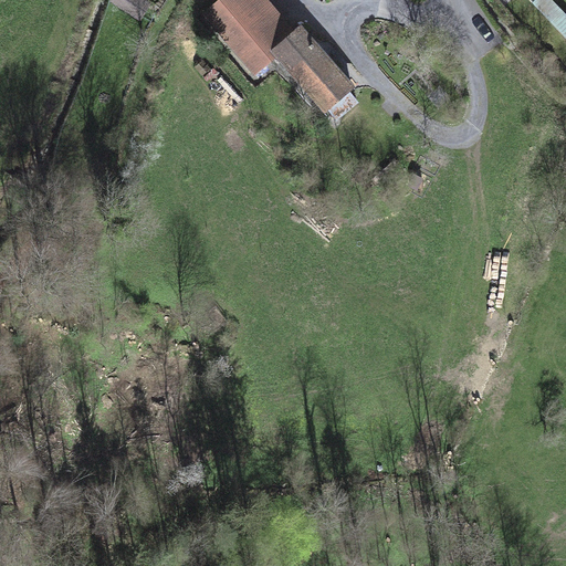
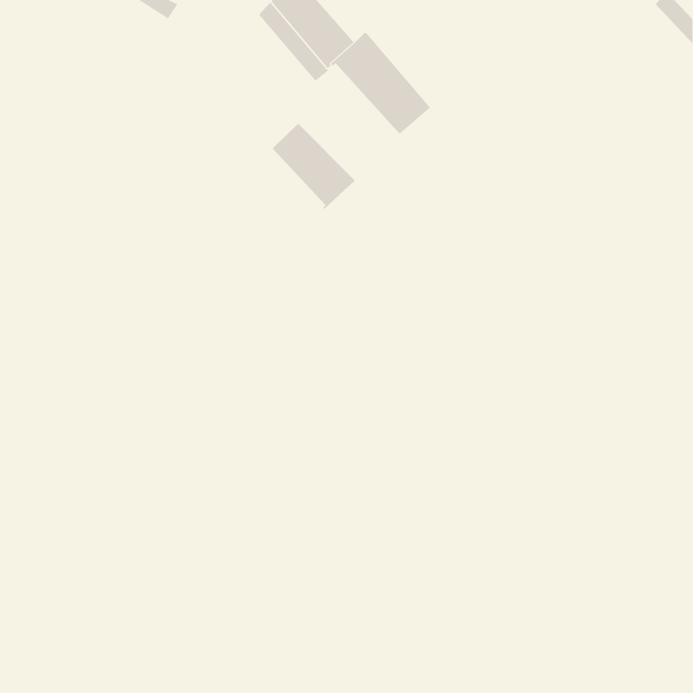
building: none -> [272,123,355,210]

